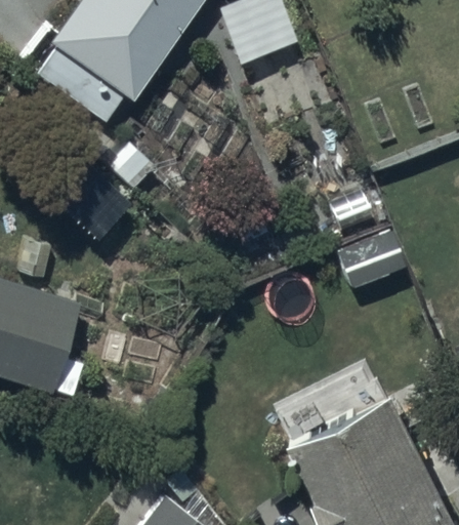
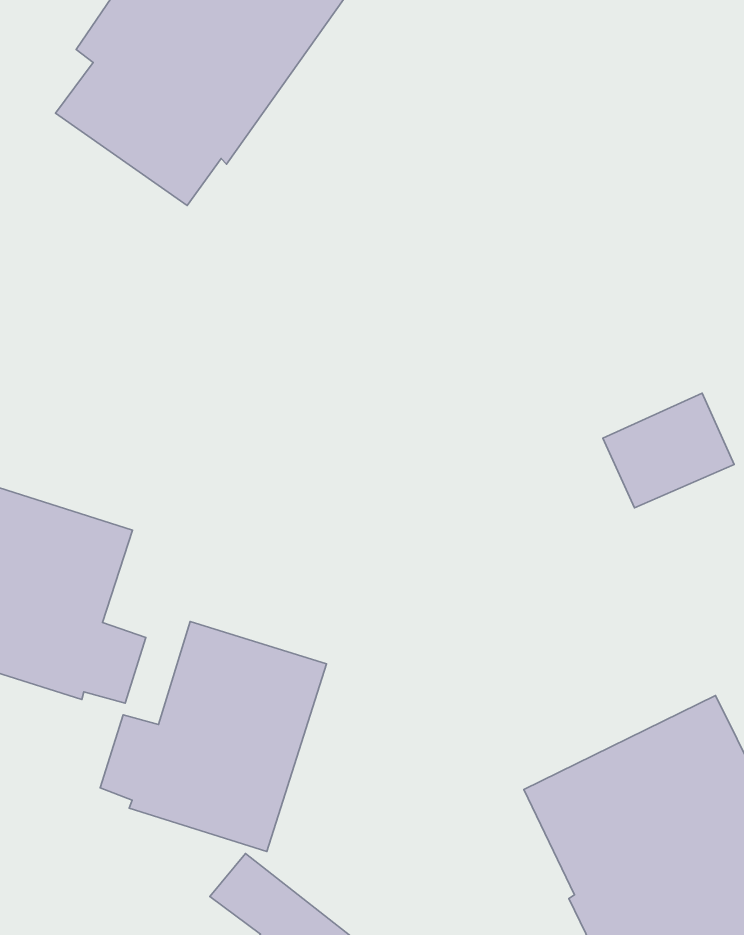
building: none -> [100,622,327,851]

